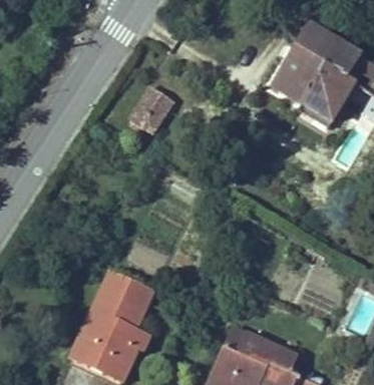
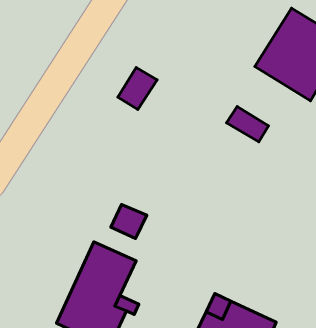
building: none -> [227,107,269,142]
building: none -> [111,204,147,239]

